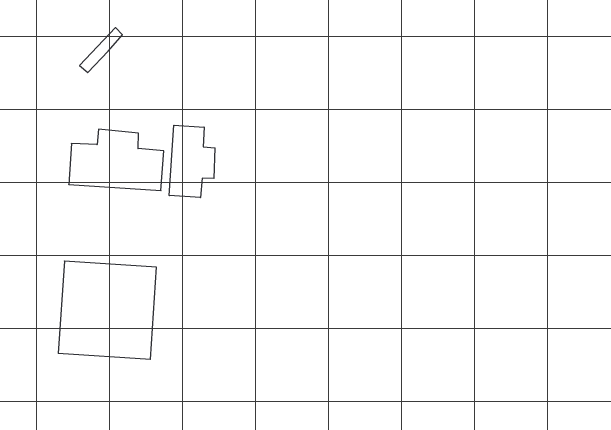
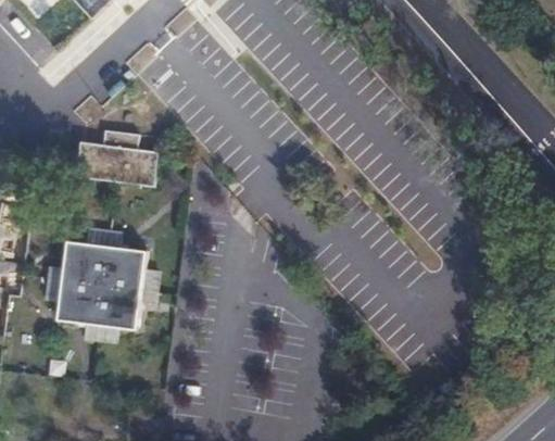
building: [169,125,215,198] -> none

